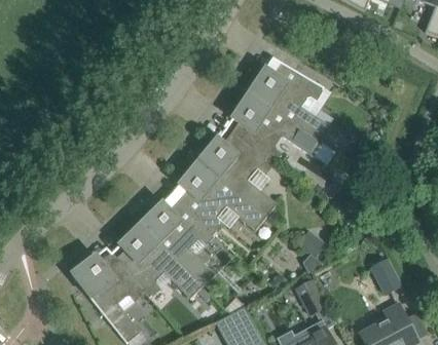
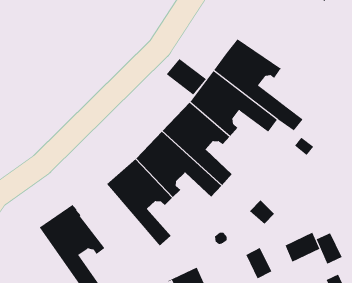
building: none -> [166,58,207,96]
building: [111,222,203,298] -> none
building: none -> [285,232,320,262]

